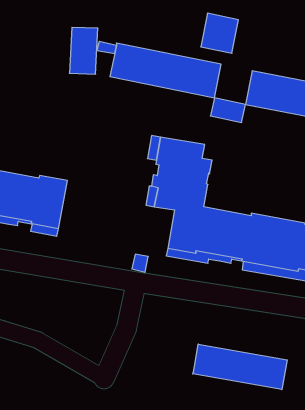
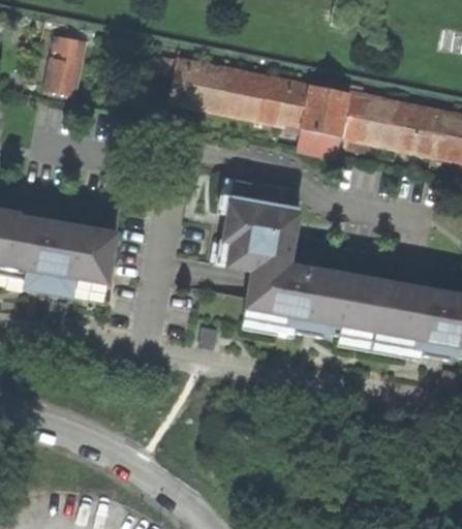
building: [201,13,238,53] -> [303,85,350,135]
building: [69,27,98,74] -> [49,34,85,93]
building: [193,344,287,390] -> none

